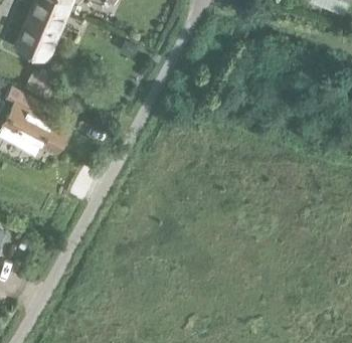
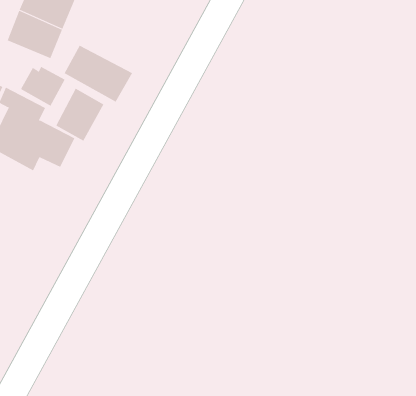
building: none -> [64,45,133,102]
building: none -> [56,88,104,141]

